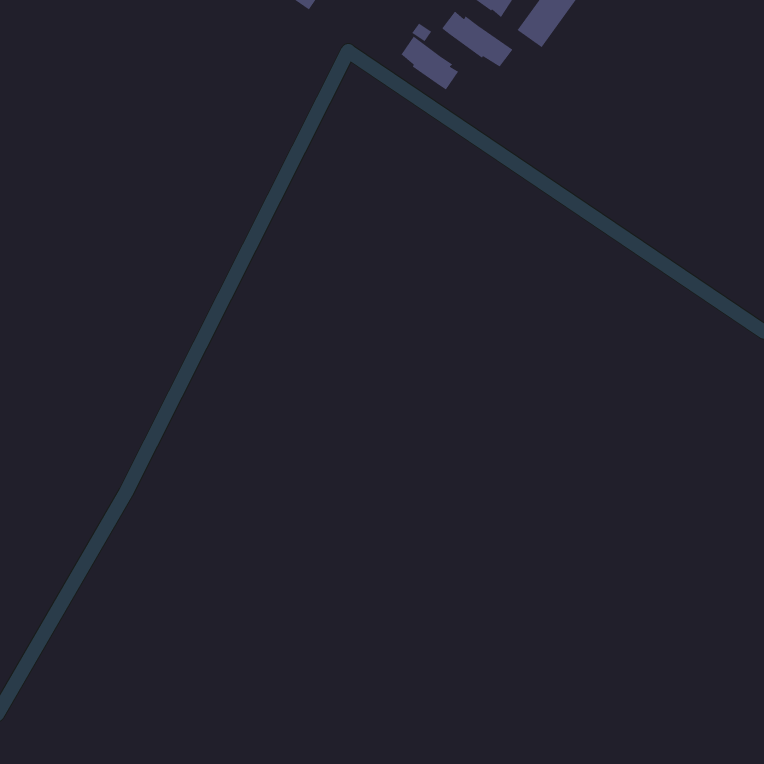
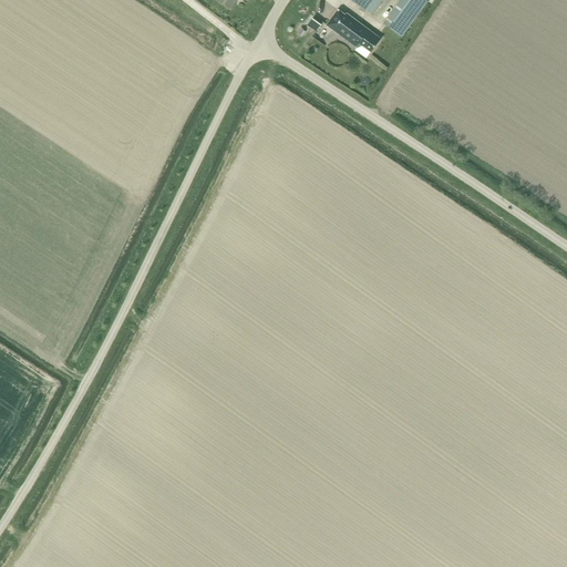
building: [401,36,459,90] -> none

